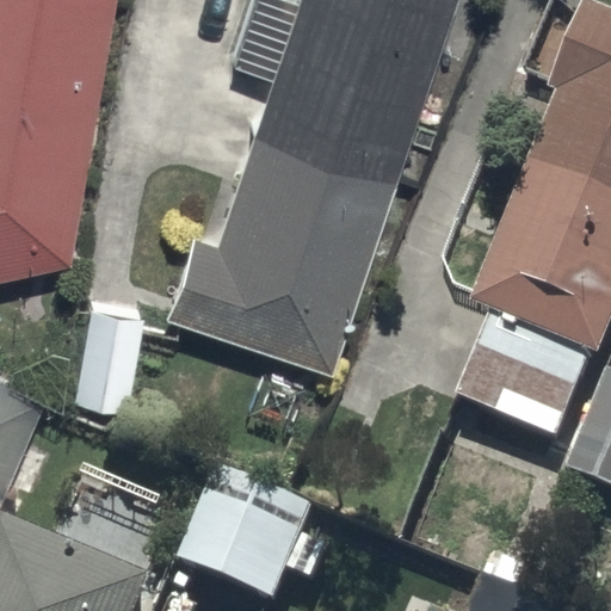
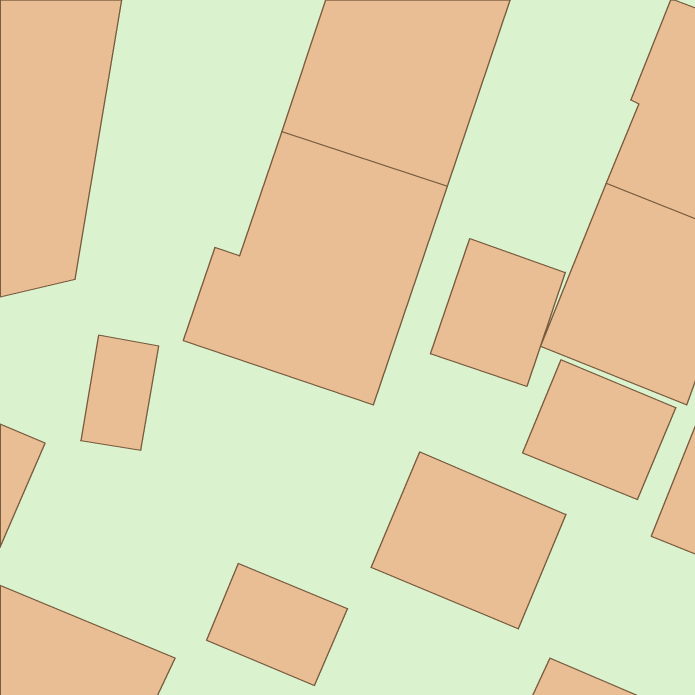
building: none -> [431,239,565,386]
building: none -> [371,452,566,629]

